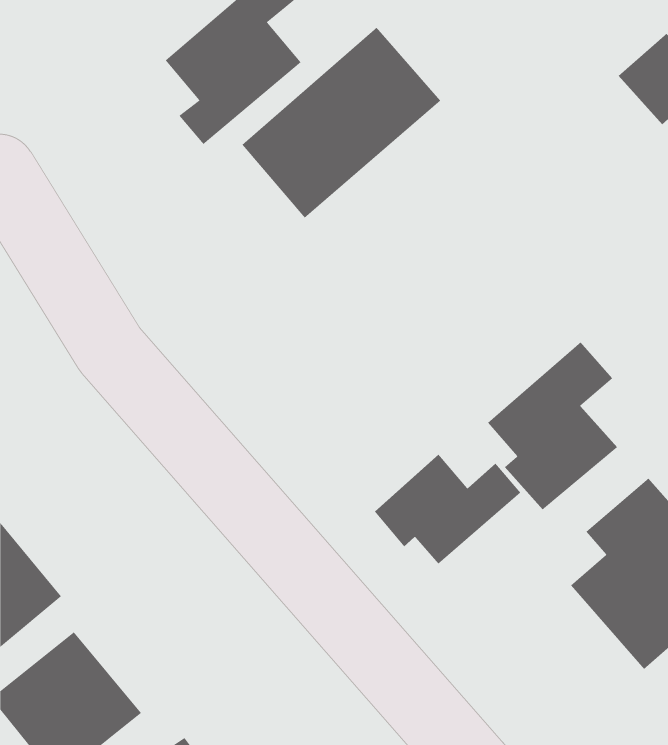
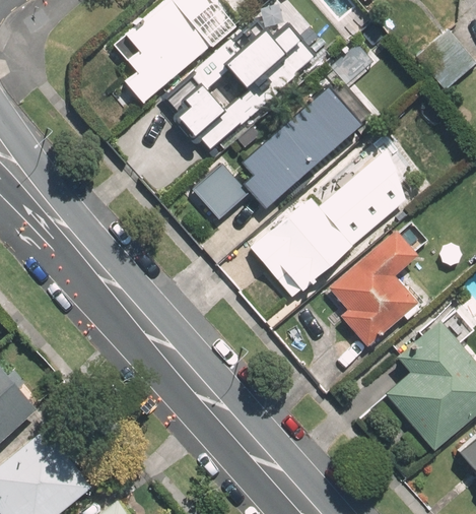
building: none -> [196,75,373,218]
building: none -> [258,152,411,293]
building: [374,454,521,565] -> none

